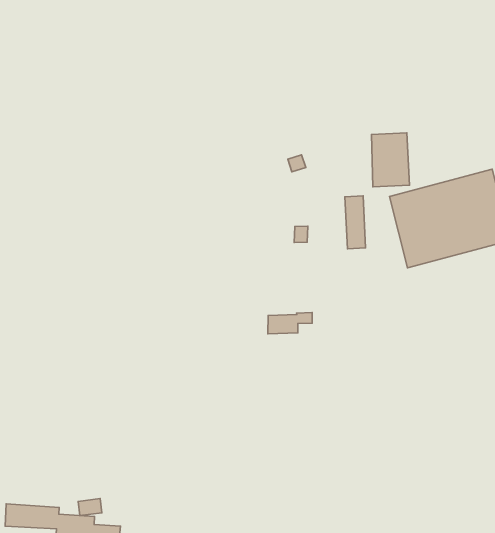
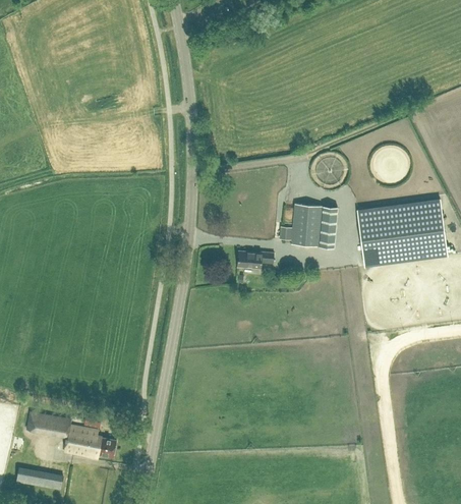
building: [372,133,409,187] -> [291,204,323,246]
building: [268,313,312,334] -> [237,251,274,268]

